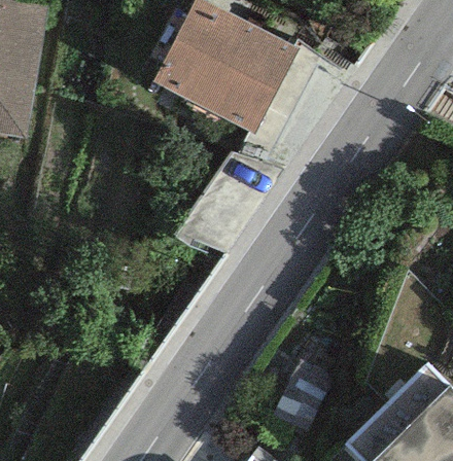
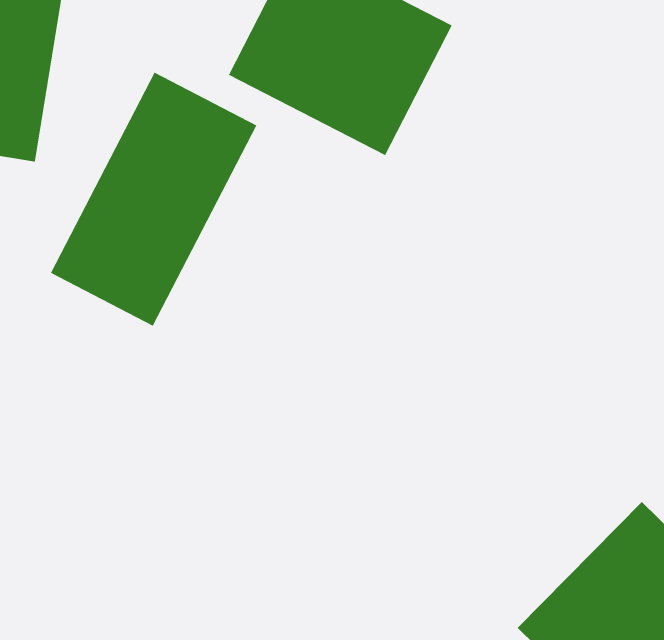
building: none -> [50,71,257,327]

